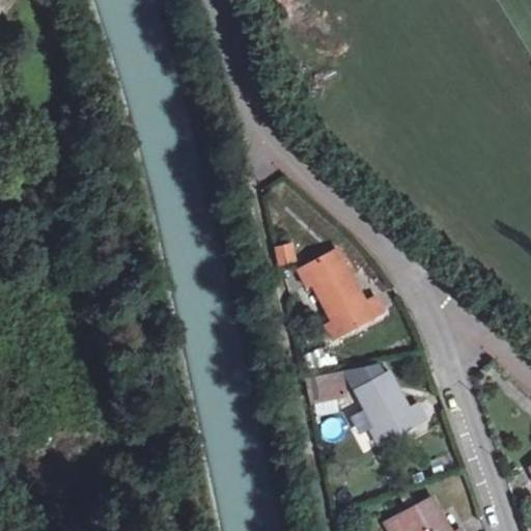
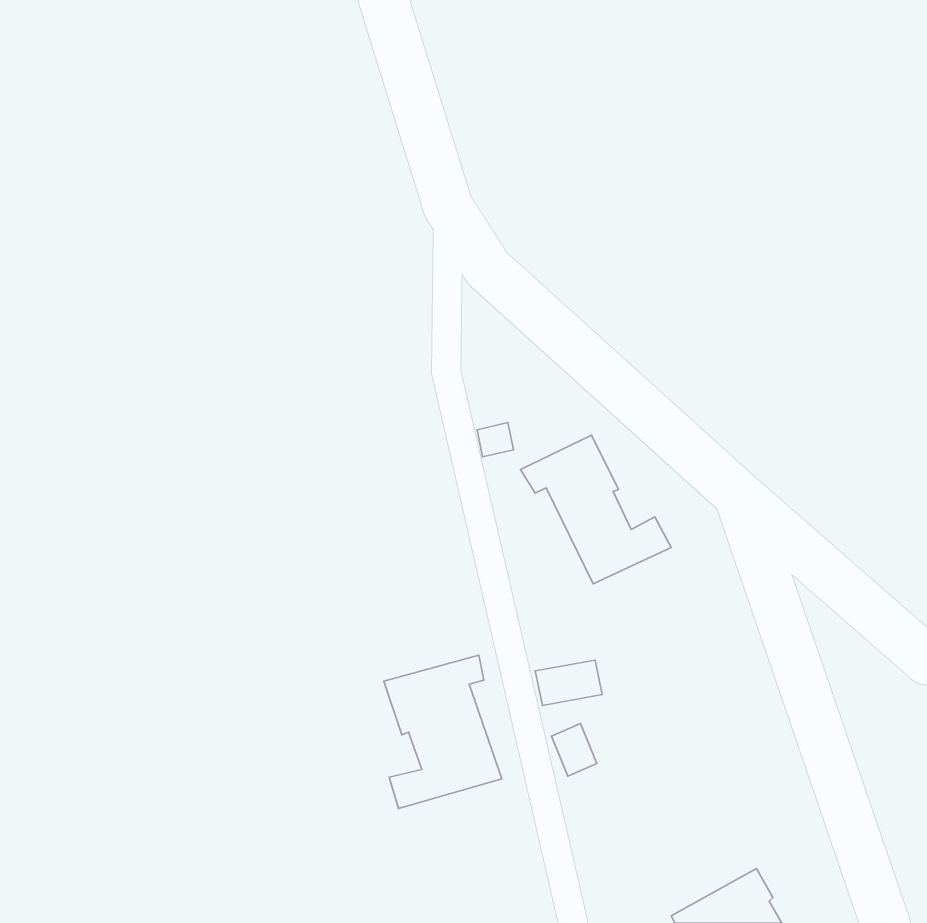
building: [354,373,425,443] -> none
building: none -> [384,655,502,808]

